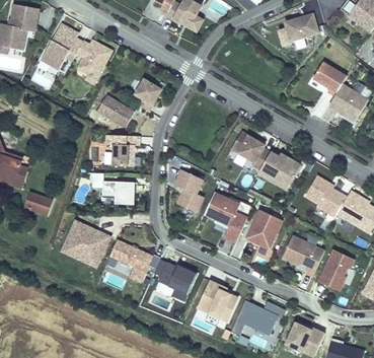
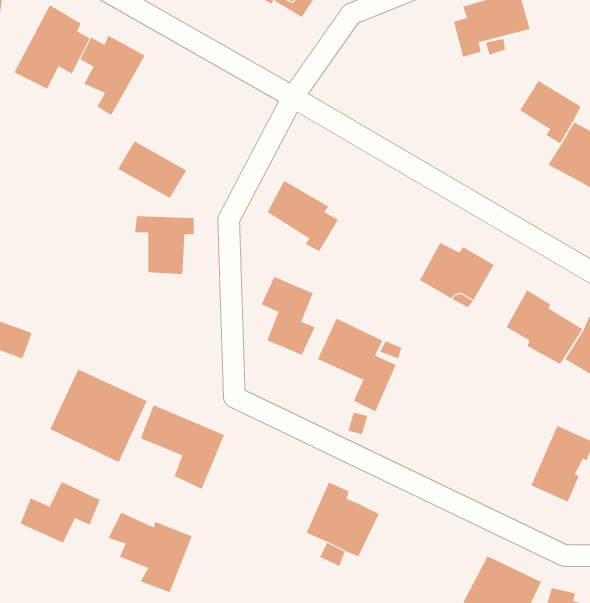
building: [136,76,162,109] -> none
building: [232,129,271,167] -> [267,180,339,252]
building: [92,175,136,206] -> none
building: [247,208,283,247] -> none
building: [283,234,324,275] -> none
building: [151,257,197,300] -> [108,512,193,593]
building: none -> [20,481,100,544]
building: [235,299,286,335] -> none

